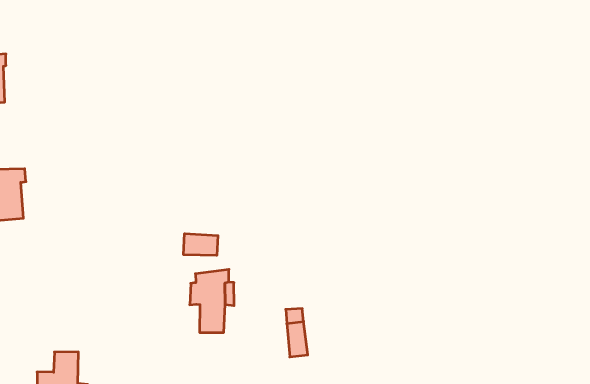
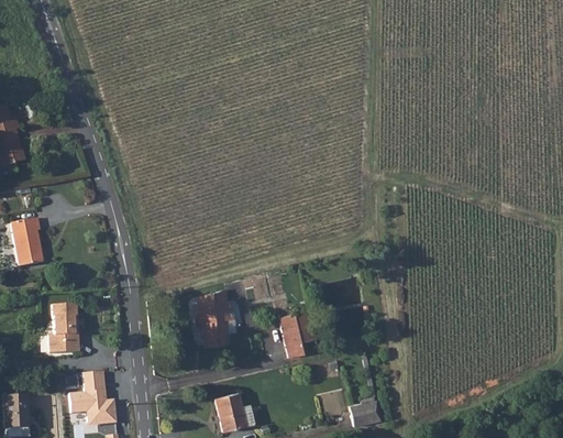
building: [184,234,218,255] -> none
building: none -> [45,305,77,355]

